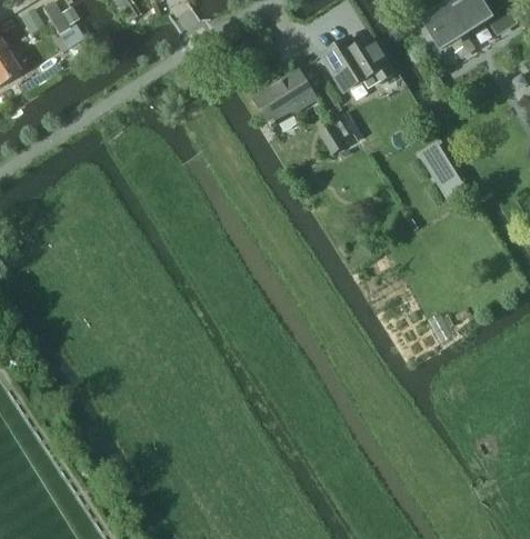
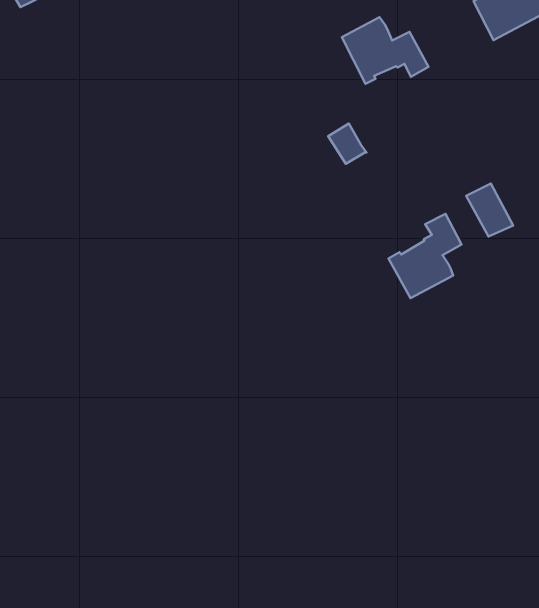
building: [254,66,318,122] -> none
building: none -> [388,214,462,298]

